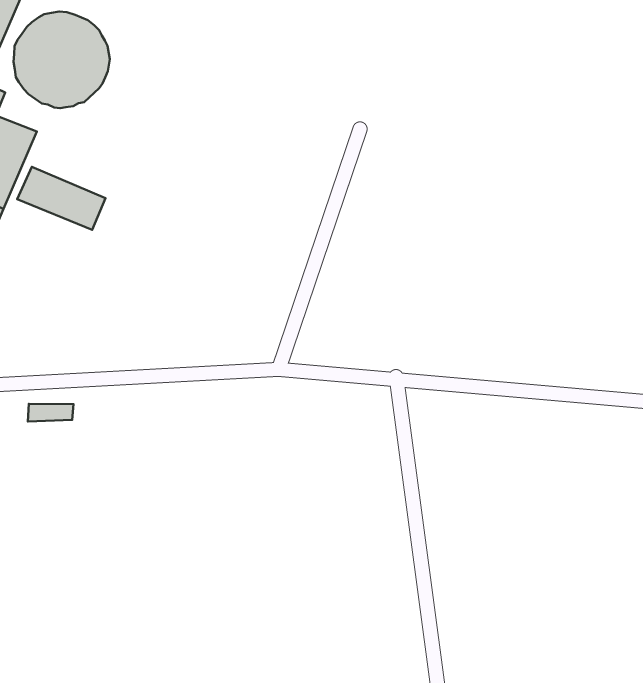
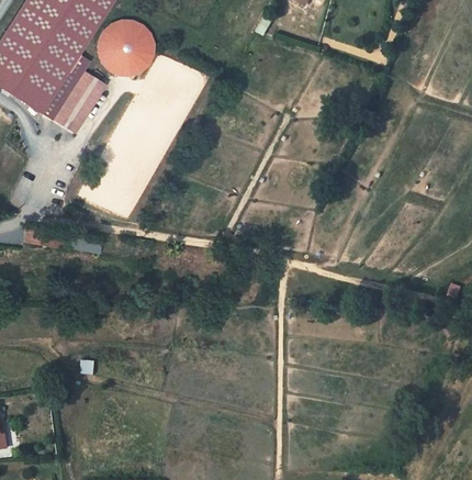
building: [17,167,105,230] -> none

